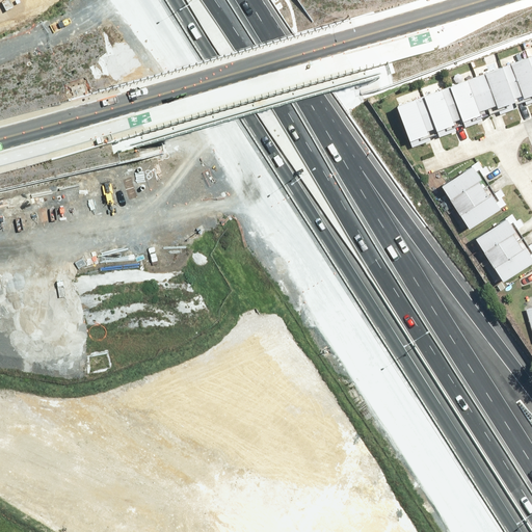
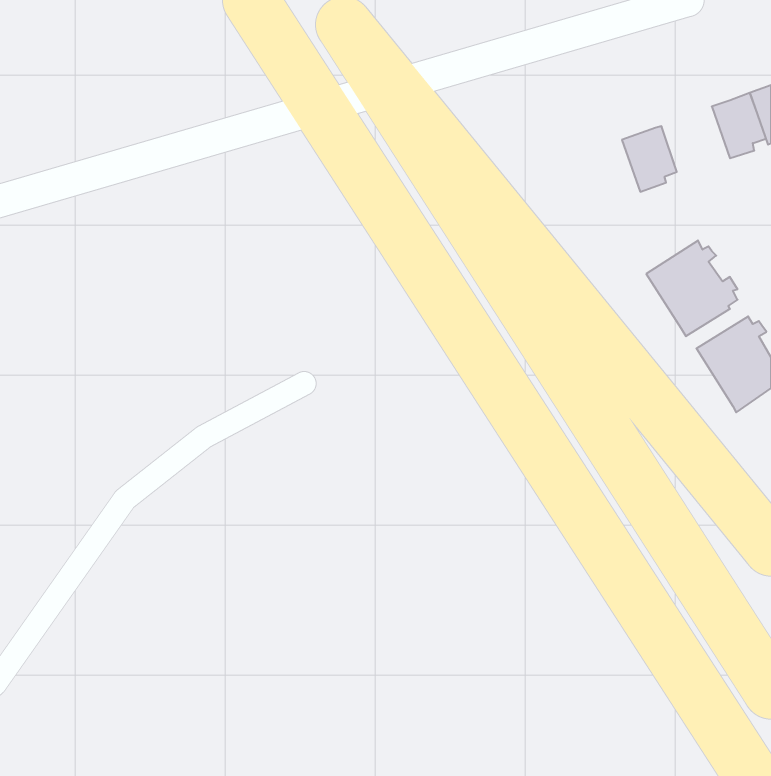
building: [452,75,497,123] -> none
building: [398,98,435,142] -> none

